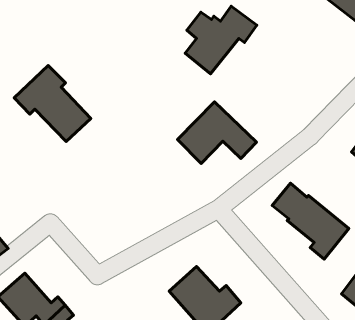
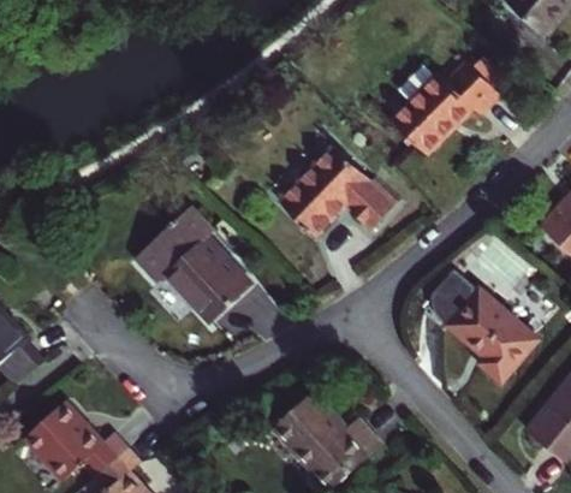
building: [185,6,257,74] -> [402,63,506,161]
building: [14,66,91,141] -> [138,206,250,316]

